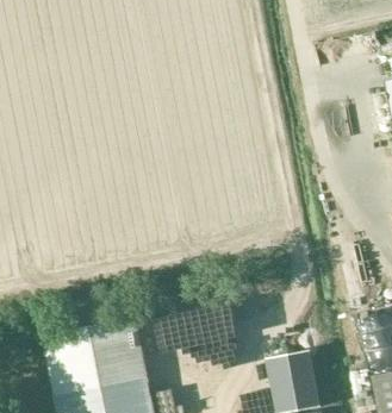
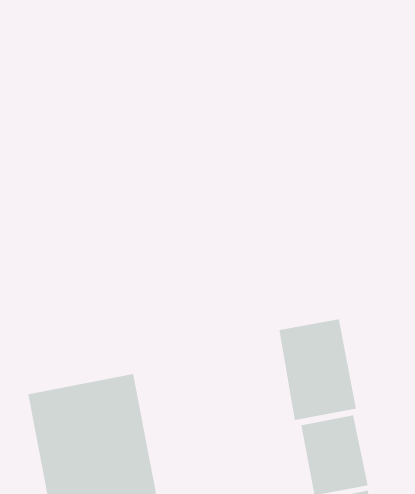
building: none -> [279,319,356,421]

